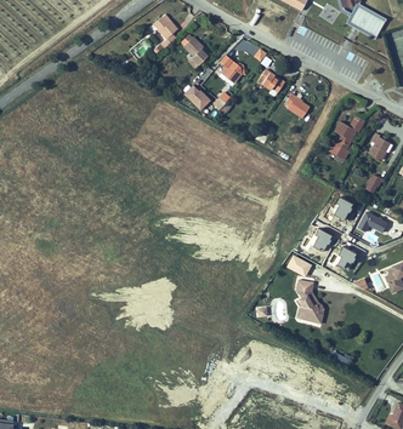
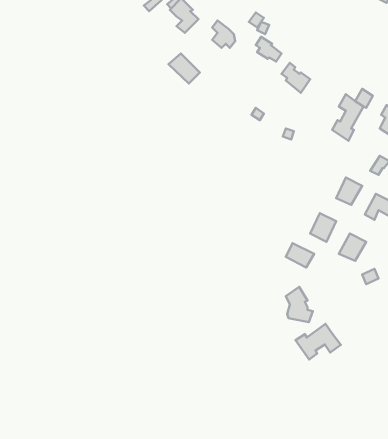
building: none -> [295,324,341,360]

